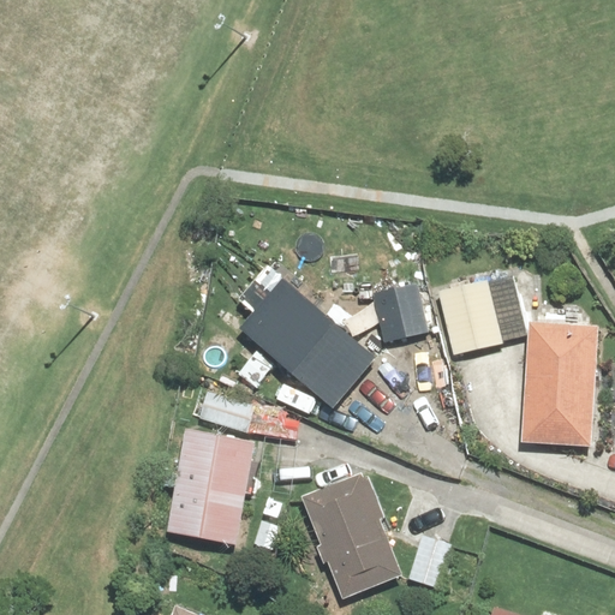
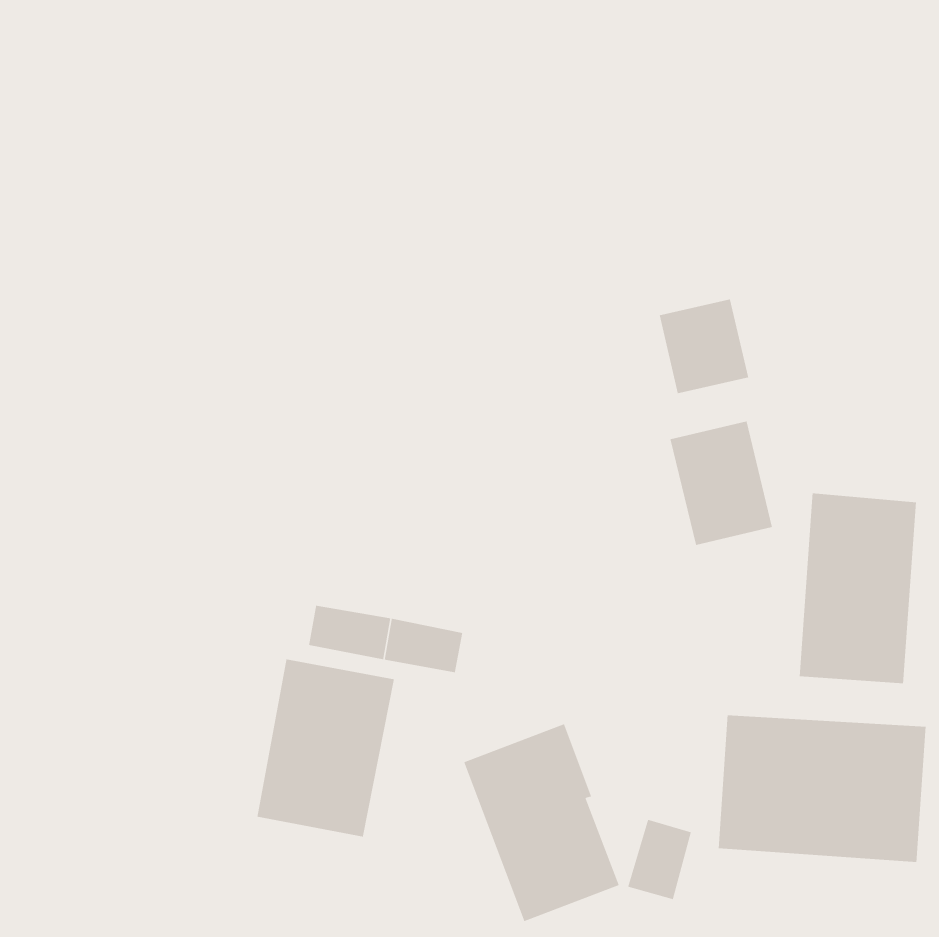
building: [238,276,377,410] -> none
building: [370,280,429,342] -> [659,298,749,394]
building: none -> [718,714,927,863]

